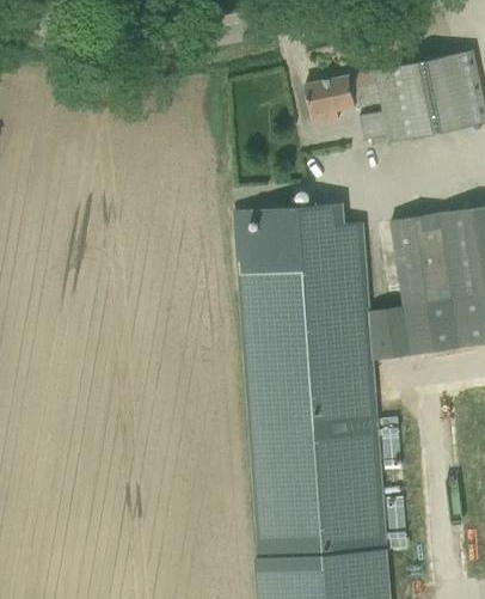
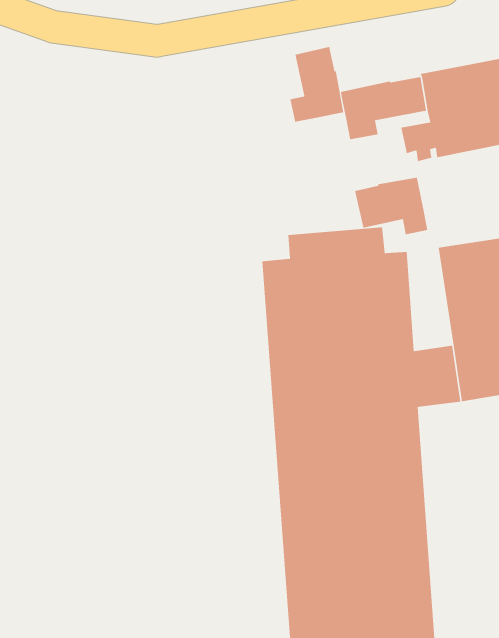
building: none -> [290,46,344,123]
building: none -> [354,177,428,235]

